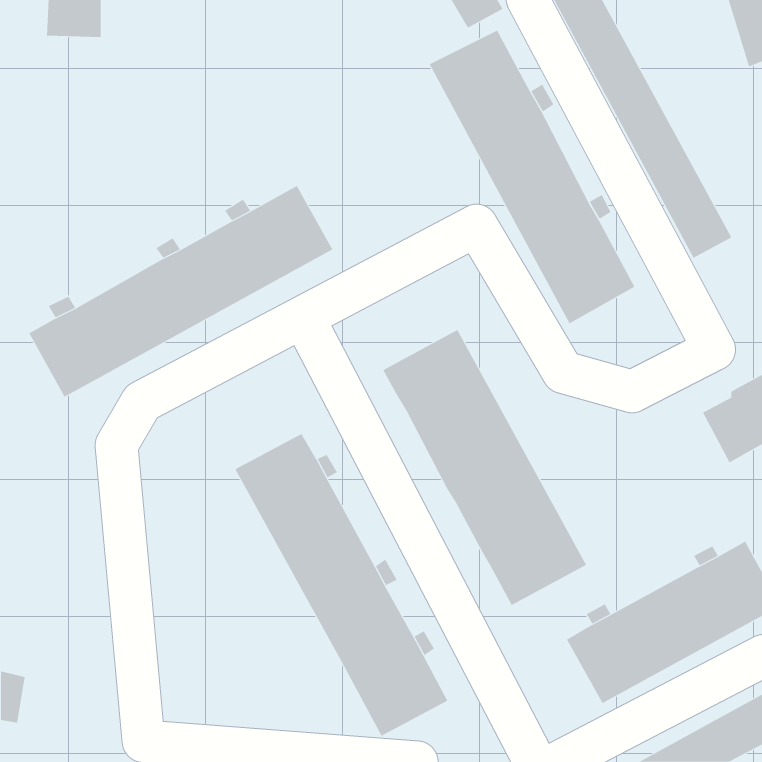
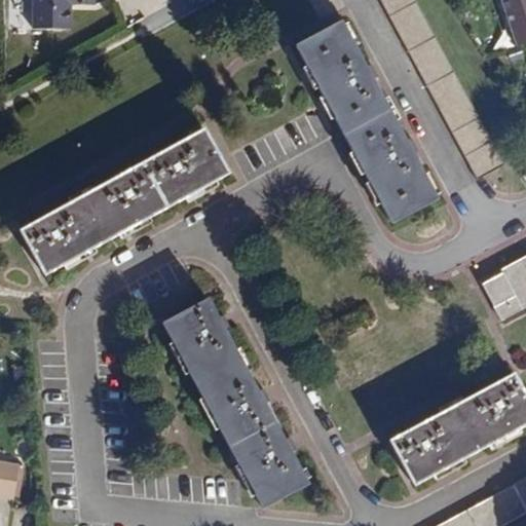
building: [383,329,587,606] -> none

